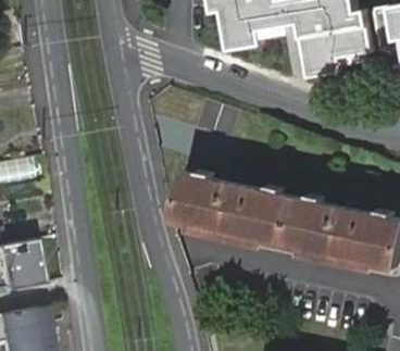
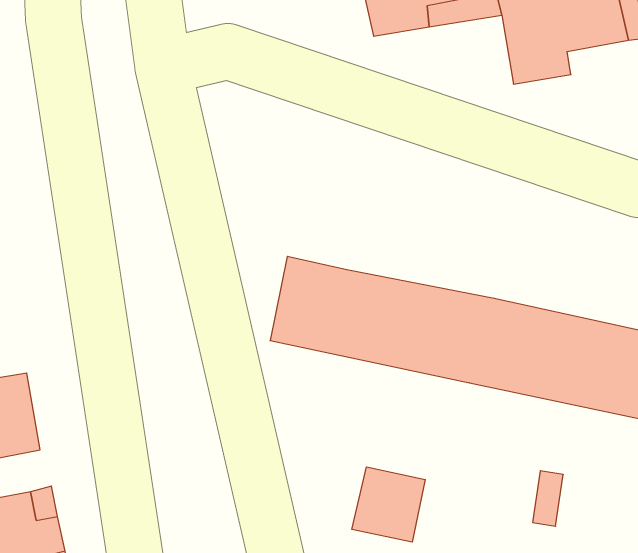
building: none -> [352,467,425,542]

